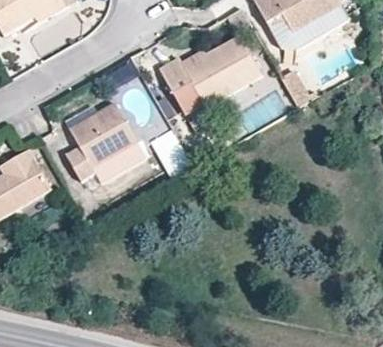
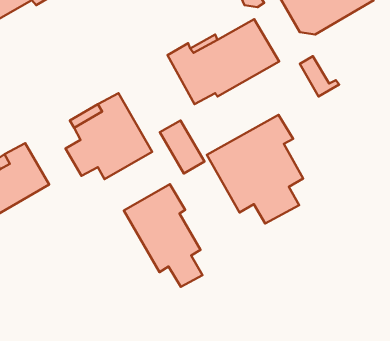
building: none -> [207,115,303,223]
building: none -> [124,184,203,287]

